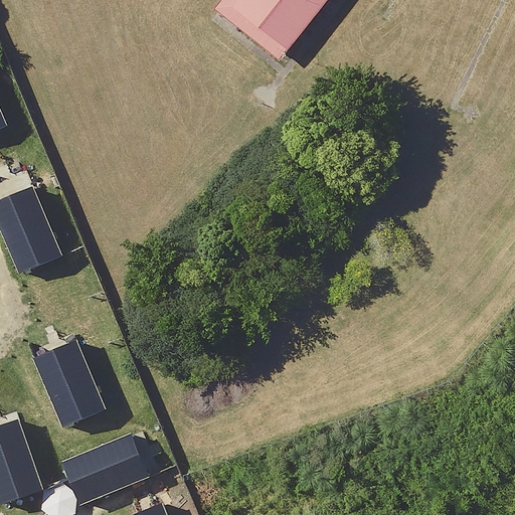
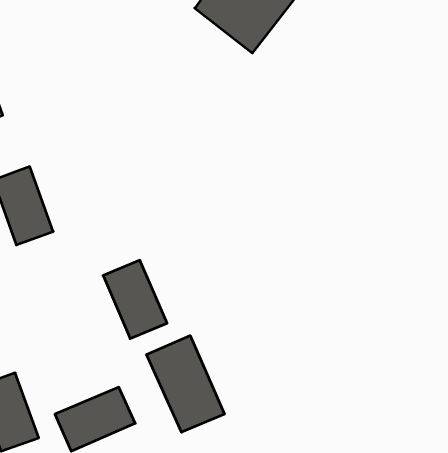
building: [30,336,102,423] -> [103,260,167,339]
building: none -> [147,336,224,432]

